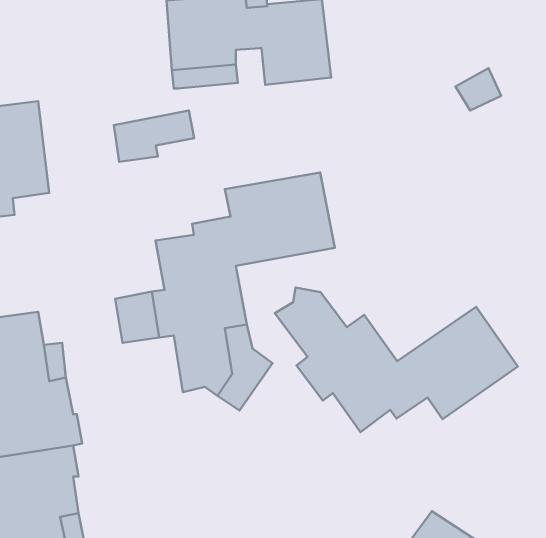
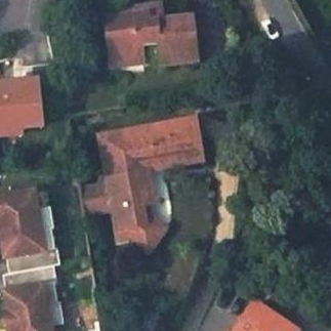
building: [114,111,194,162] -> [98,123,143,152]
building: [275,287,518,432] -> none

